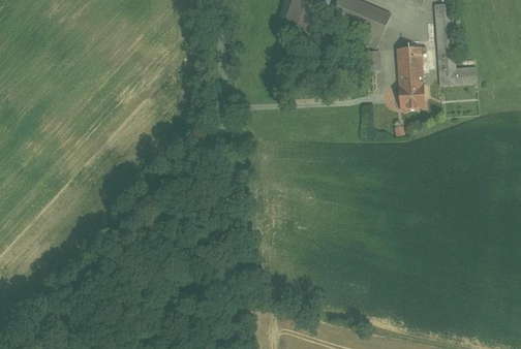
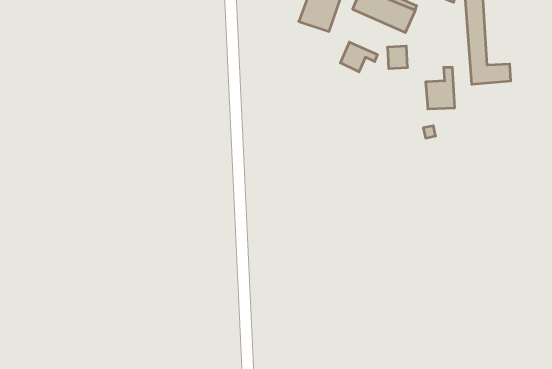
building: [396,45,422,83] -> none
building: none -> [340,42,377,72]

